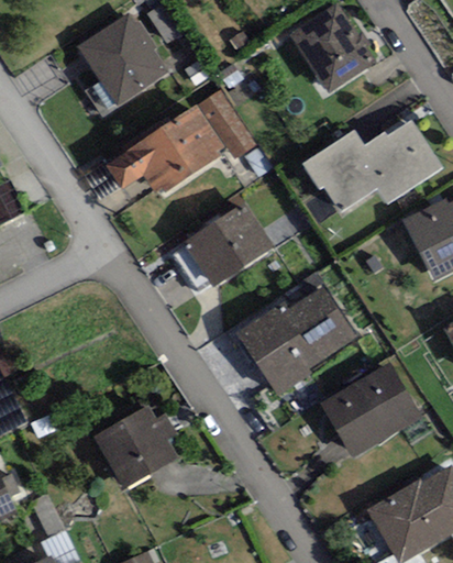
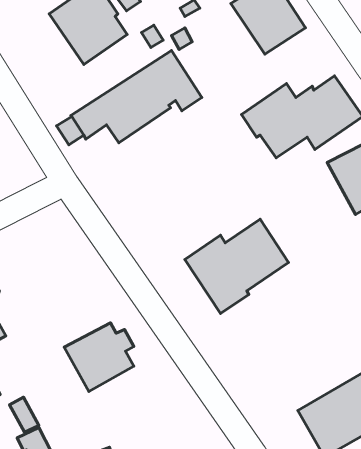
building: [184,202,274,287] -> none
building: [320,361,421,459] -> none

